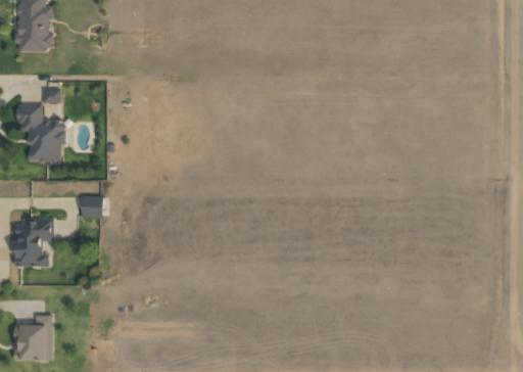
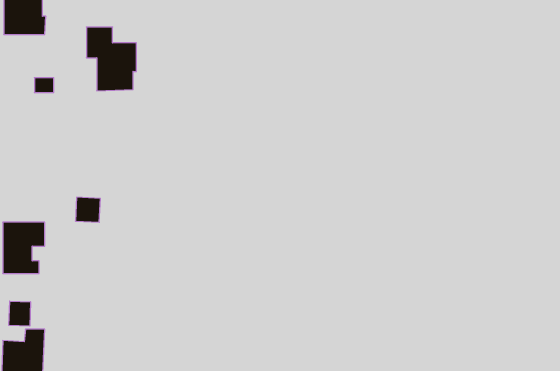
building: [18,104,63,161] -> [86,27,136,91]
building: none -> [9,301,30,326]

